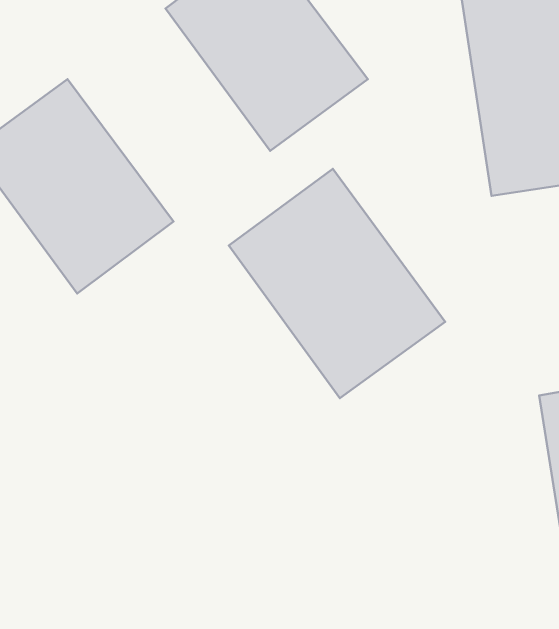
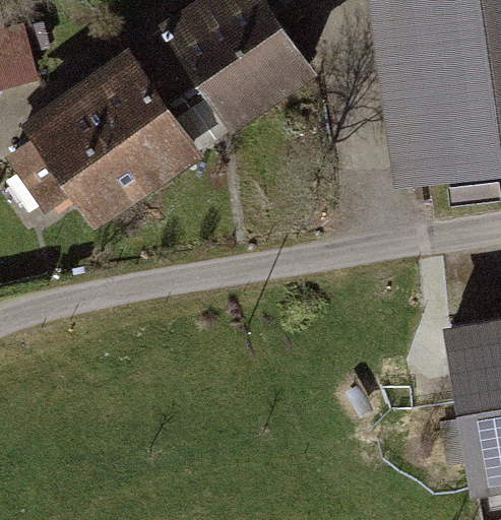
building: none -> [90,23,242,183]
building: [229,169,445,398] -> none

